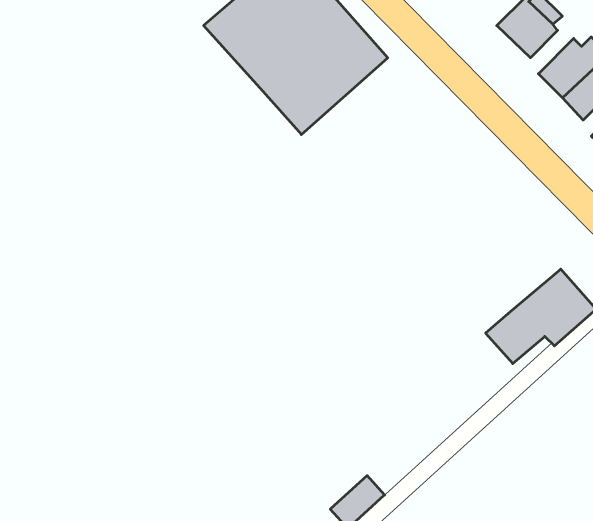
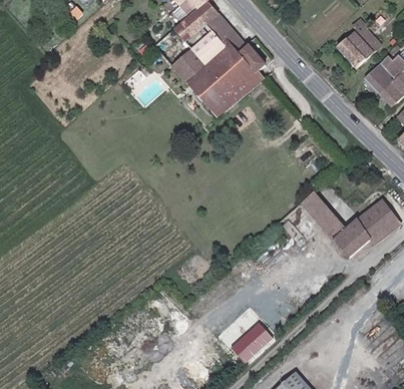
building: none -> [300,194,345,242]

